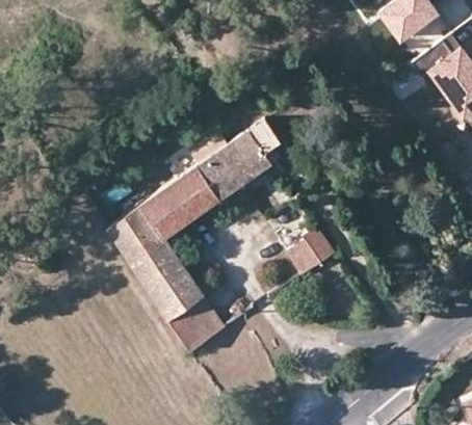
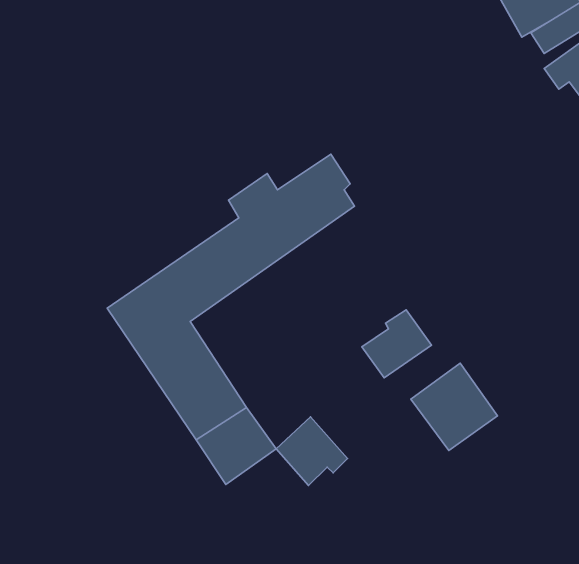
building: none -> [411,363,498,450]
building: none -> [276,417,347,485]

